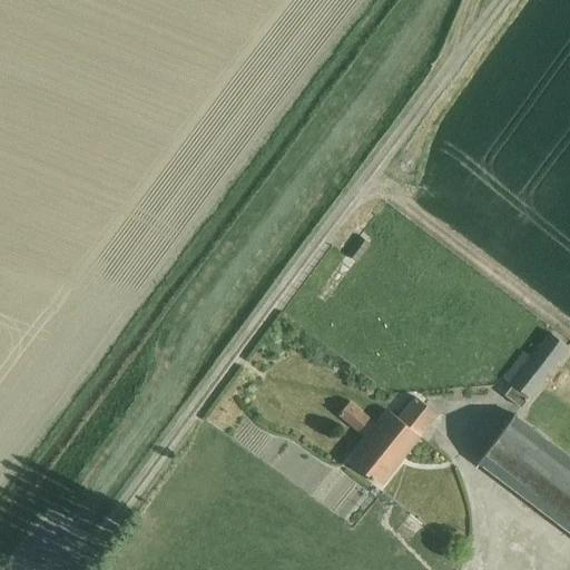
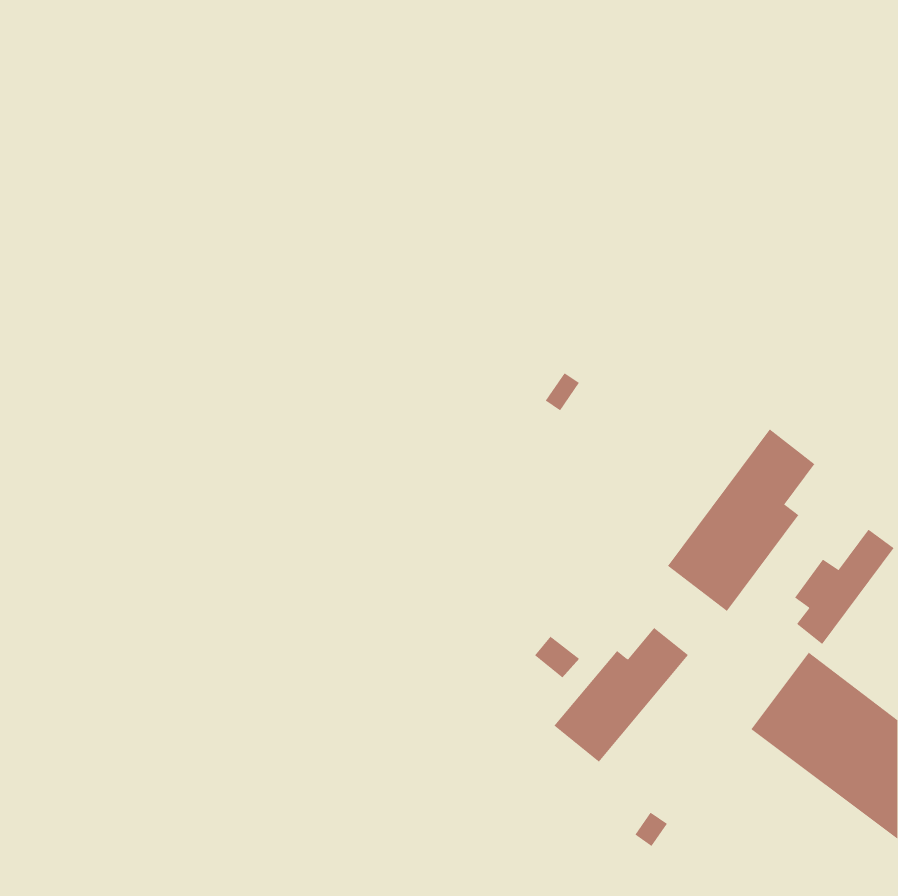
building: none -> [667,428,815,612]

